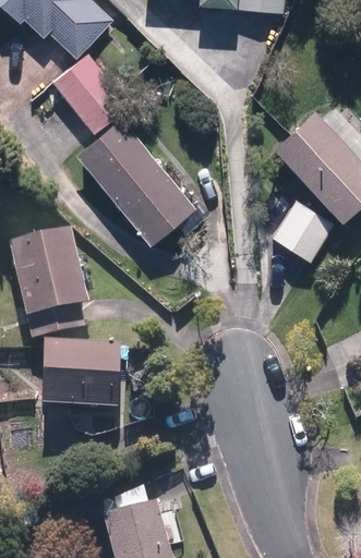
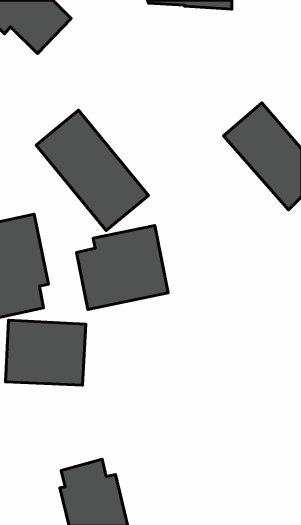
building: [50,52,129,134] -> none
building: [268,199,330,262] -> none
building: none -> [76,225,168,310]

